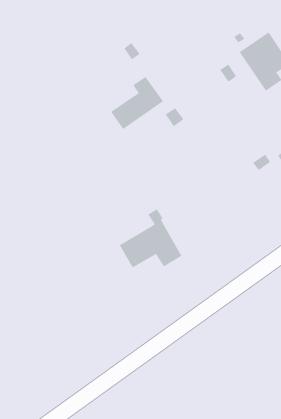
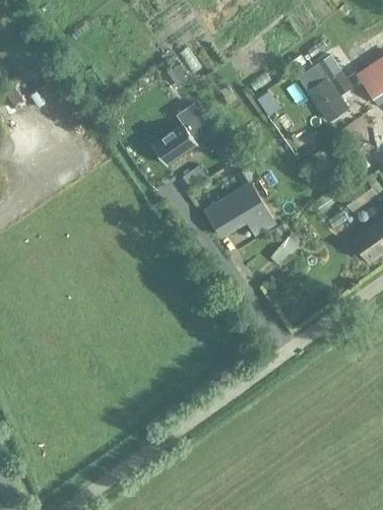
building: [119,208,182,268] -> [203,169,275,237]

